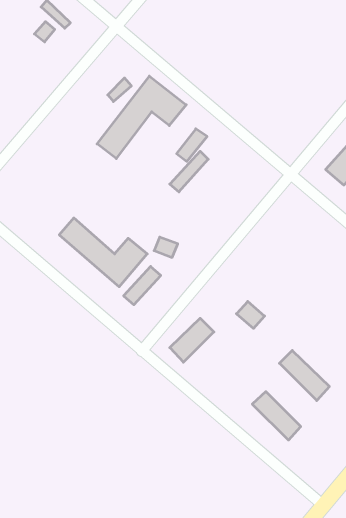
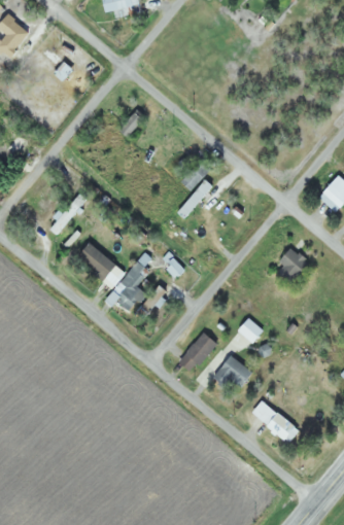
building: [97,76,186,159] -> none
building: none -> [277,247,307,277]
building: none -> [212,356,250,385]
building: [279,350,329,401] -> none

